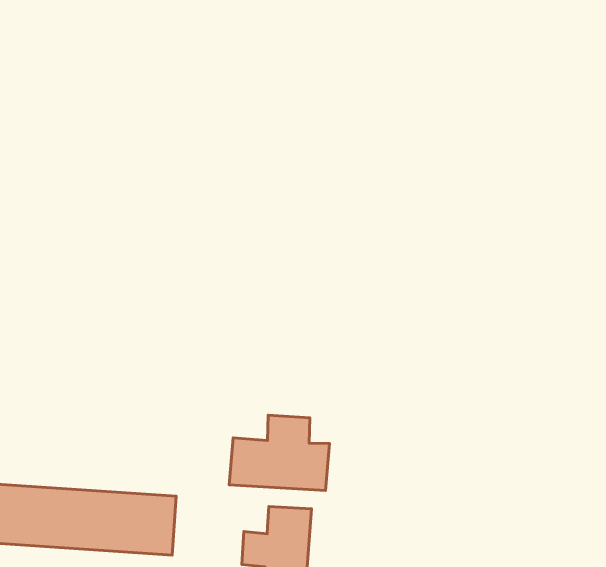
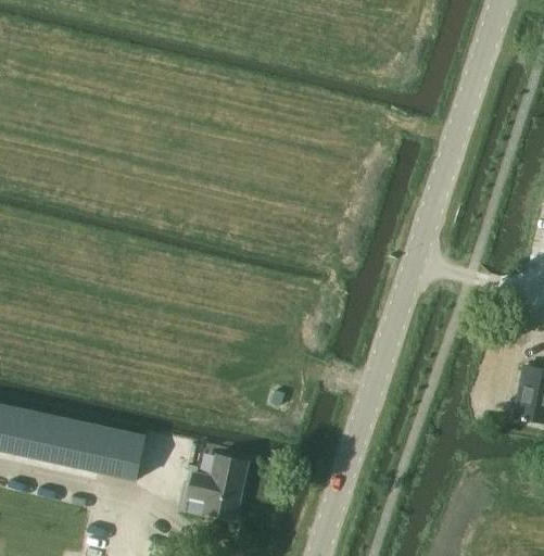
building: [229,415,329,490] -> none

